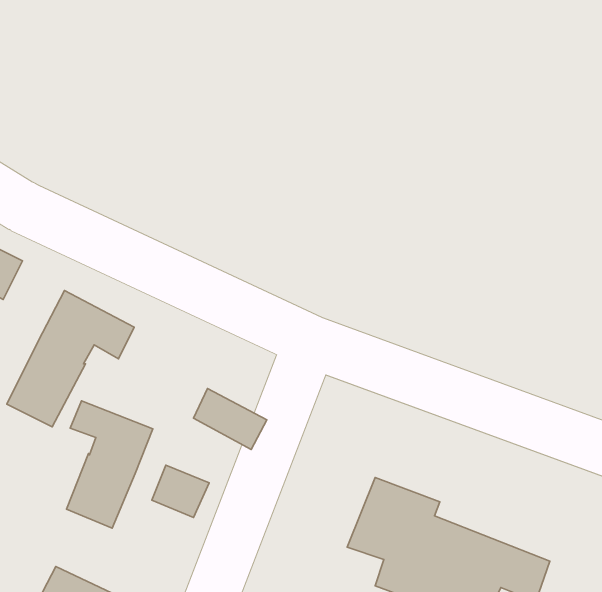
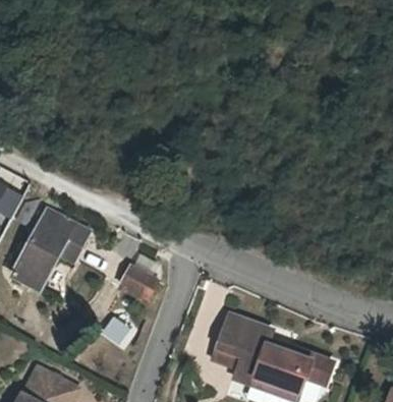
building: [67,401,153,528] -> none

